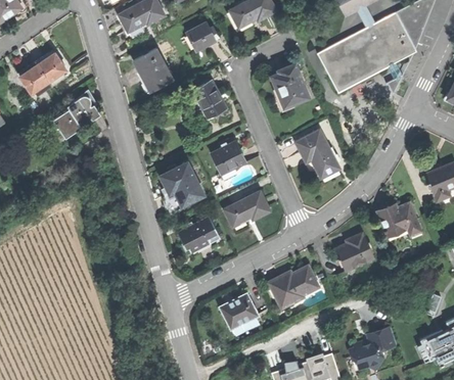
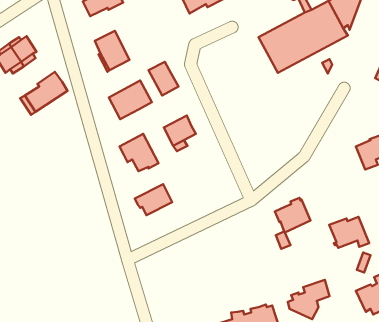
building: [185,20,216,50] -> none
building: [271,64,309,108] -> none
building: none -> [109,81,152,119]
building: [296,130,339,178] -> none
building: [224,191,269,227] -> none
building: [376,202,421,237] -> [329,217,369,248]
building: [268,266,319,310] -> none
building: [220,294,258,330] -> none

